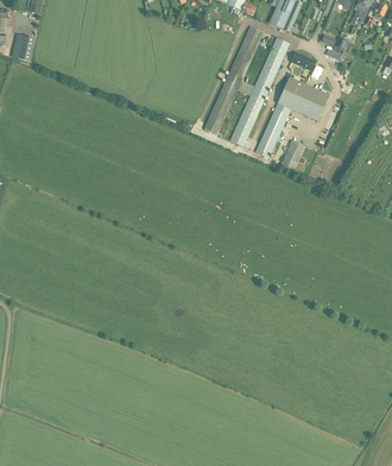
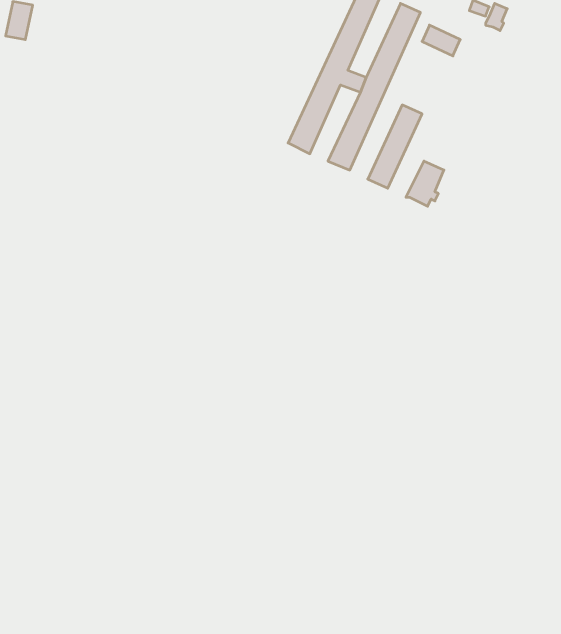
building: [278,74,330,120] -> none

